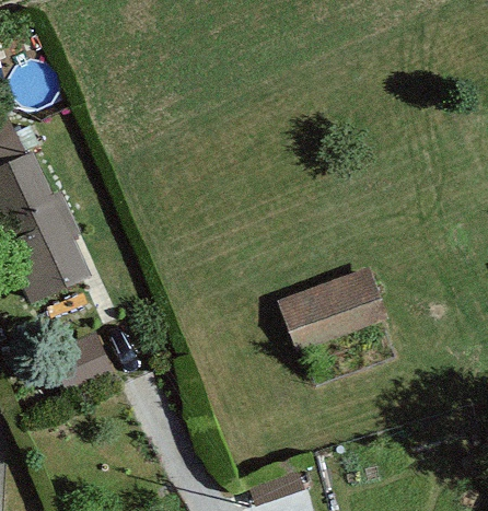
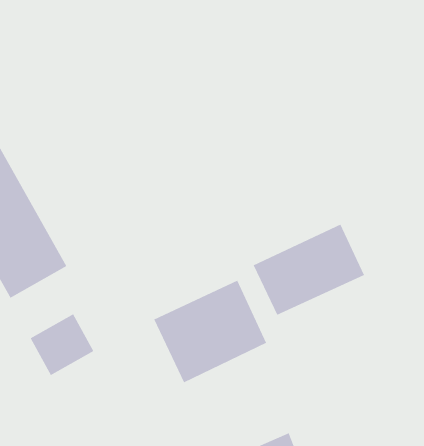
building: none -> [154,280,267,383]

